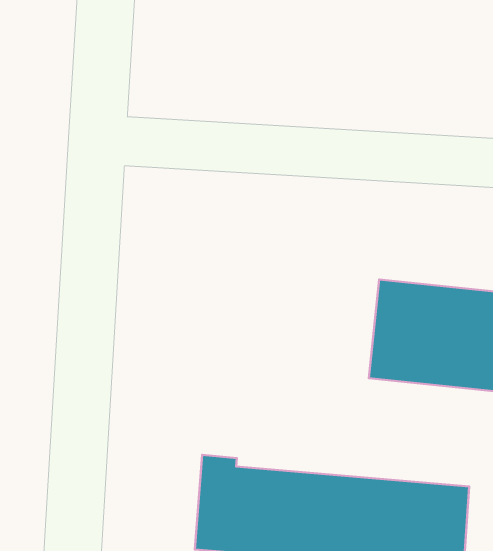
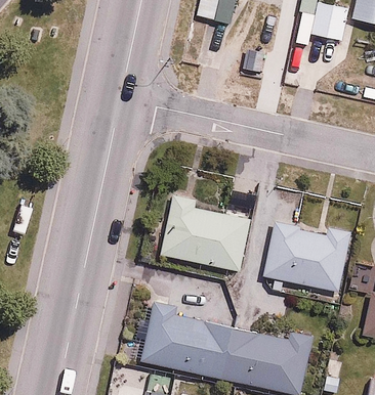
building: none -> [153,192,256,272]

